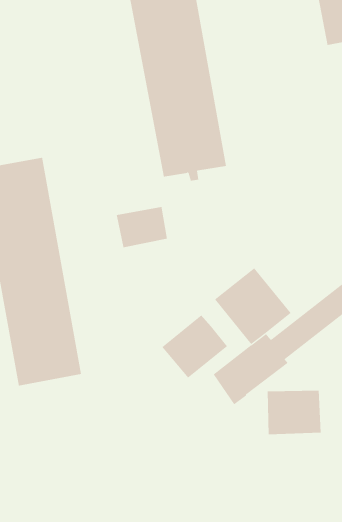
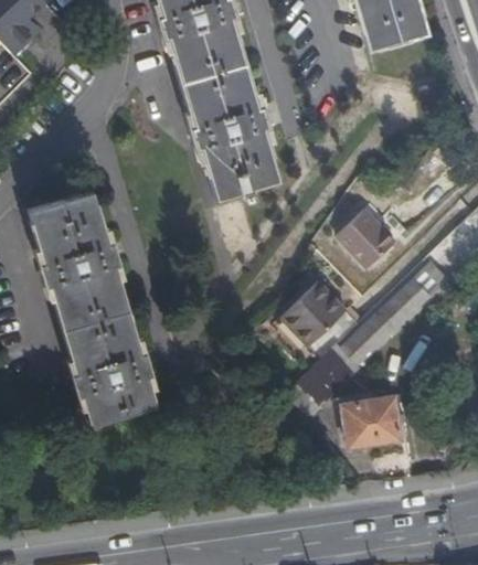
building: none -> [338,209,396,266]
building: [116,206,168,248] -> none
building: [161,314,228,379] -> none

